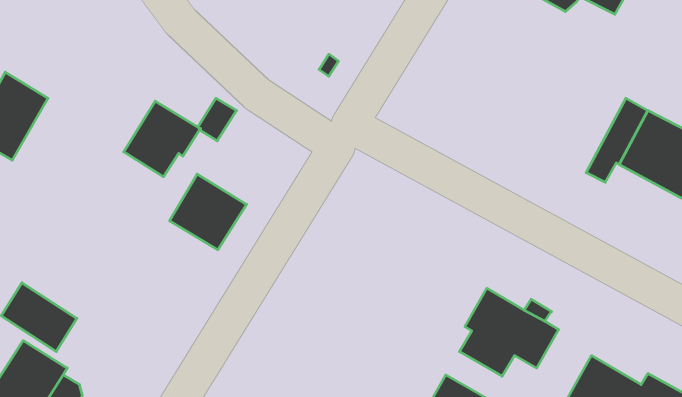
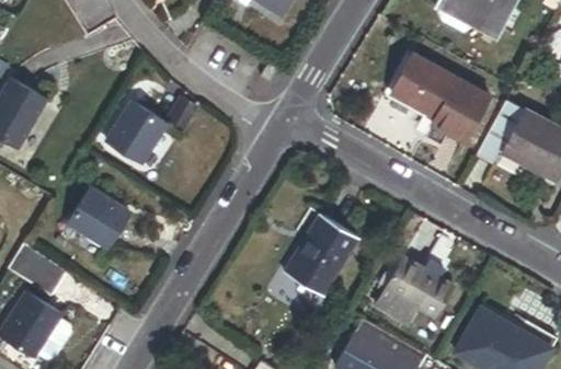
building: none -> [391,54,489,141]
building: [170,174,247,250] -> [69,188,130,249]
building: none -> [283,215,356,292]

